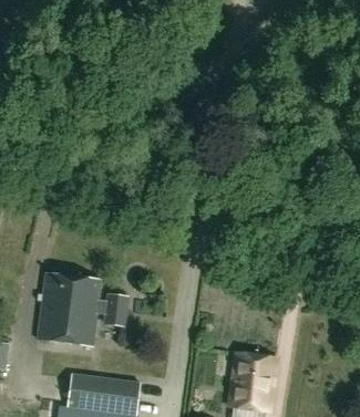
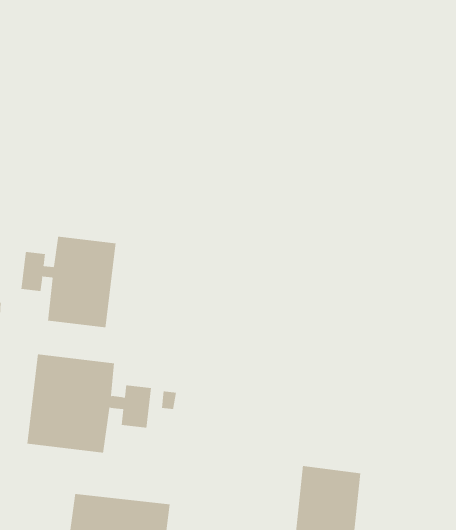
building: none -> [21,236,116,328]

